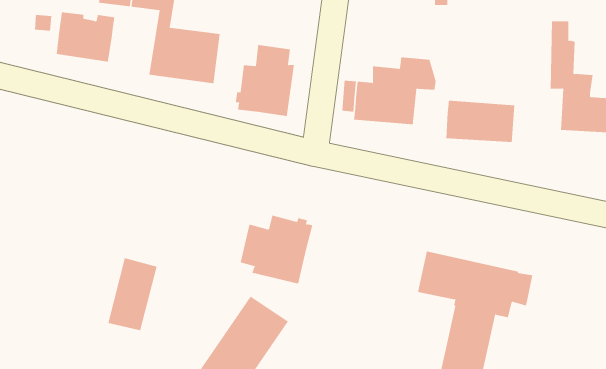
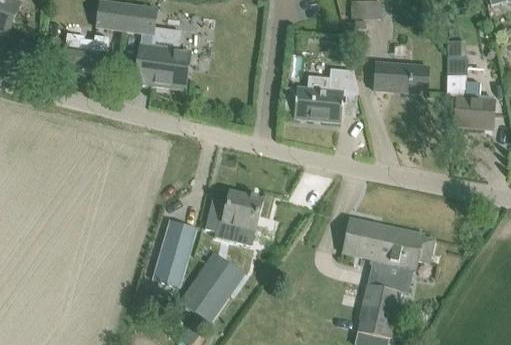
building: [235,44,294,117] -> none
building: [446,100,515,143] -> [375,60,429,93]
building: [107,258,158,331] -> [157,220,196,277]

